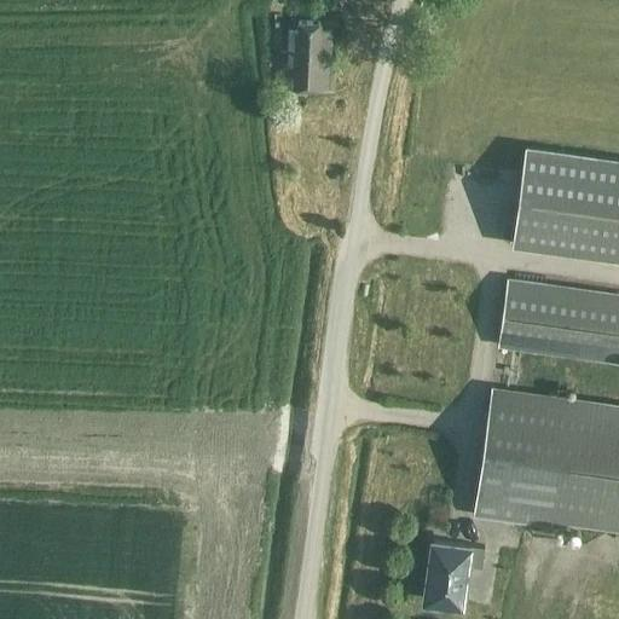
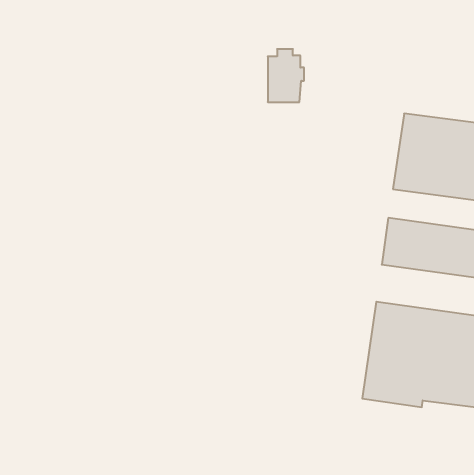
building: [287,22,334,91] -> [268,49,304,102]
building: [423,536,486,607] -> none

